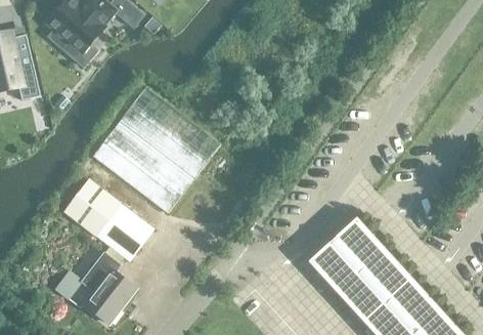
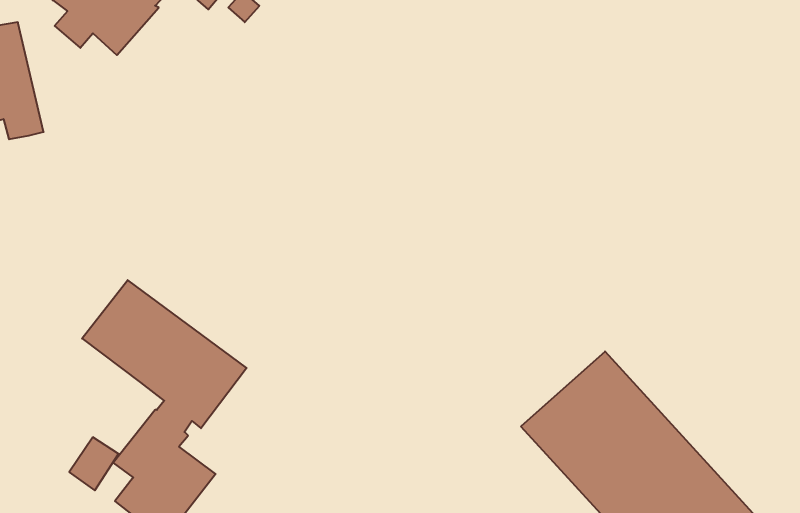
building: [92,85,220,212] -> none

